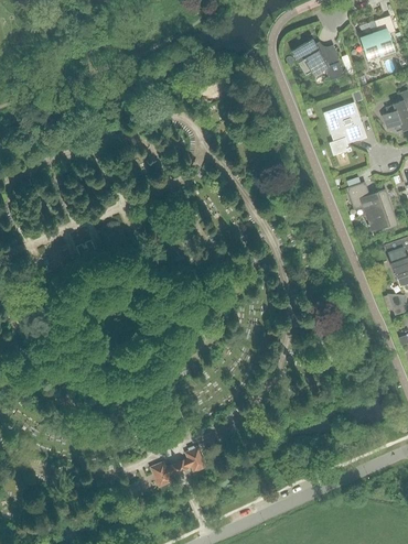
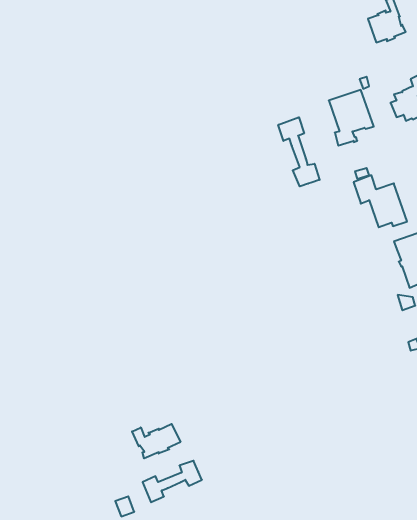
building: [291,39,344,79] -> none
building: none -> [278,117,320,186]
building: none -> [132,424,180,458]

